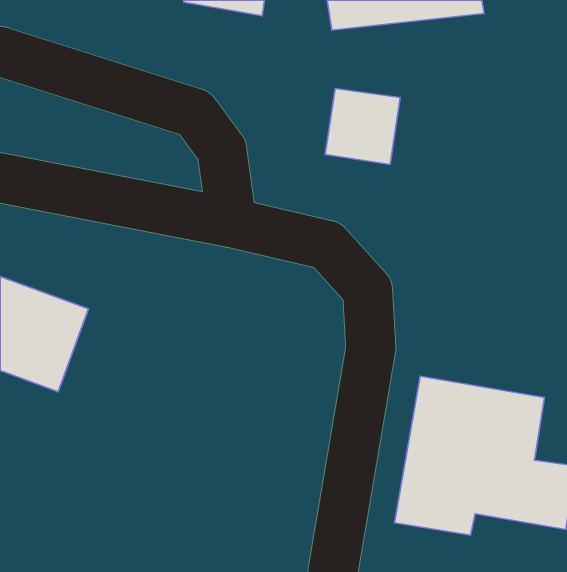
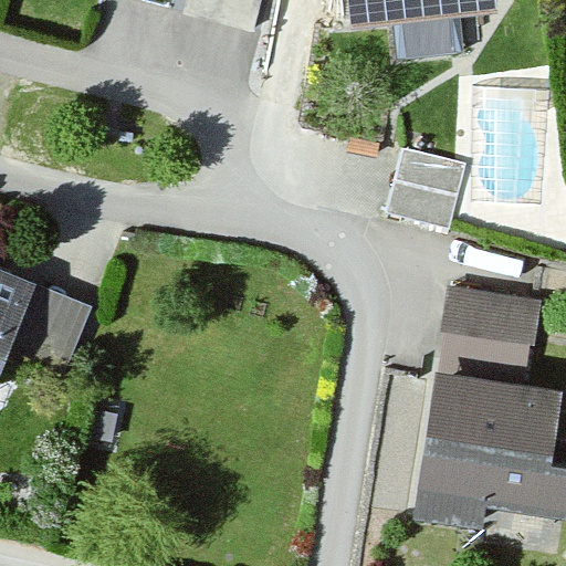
building: [325,88,400,164] -> [392,136,467,211]
building: none -> [442,271,545,359]

